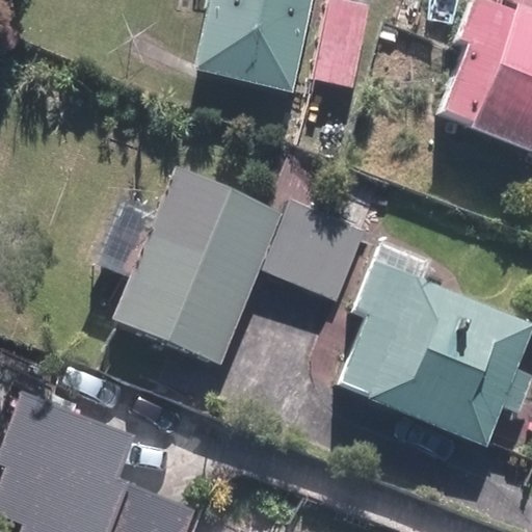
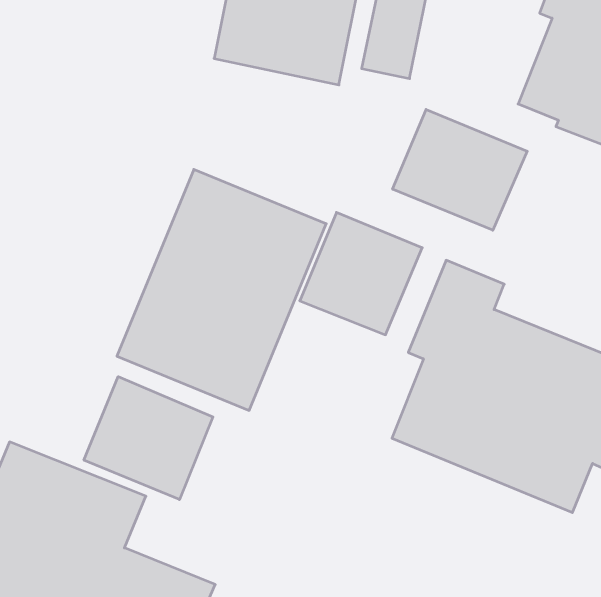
building: none -> [393,109,527,230]
building: none -> [84,377,213,500]

